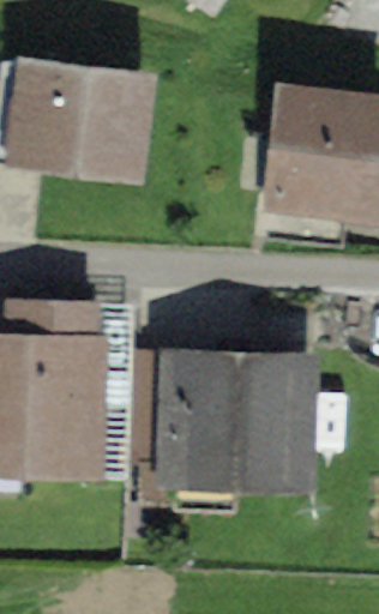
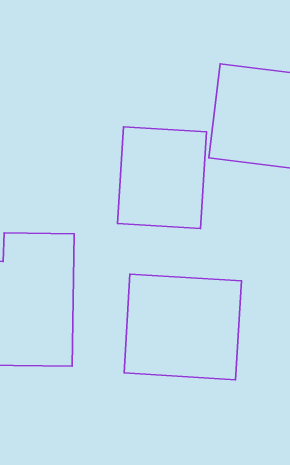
building: [11,60,142,176] -> none
building: none -> [118,127,206,229]

